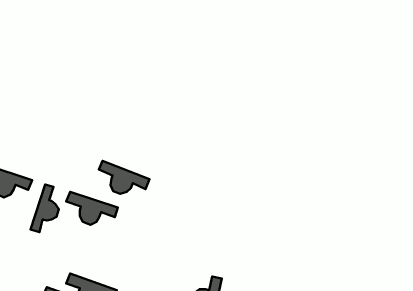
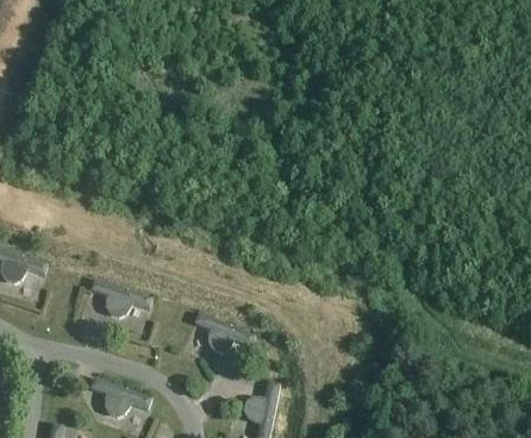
building: [99,161,149,194] -> [193,312,255,352]
building: [31,185,59,232] -> none

